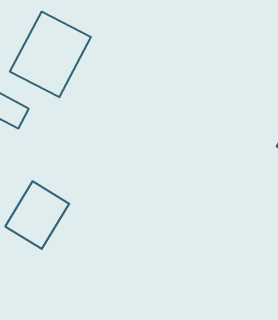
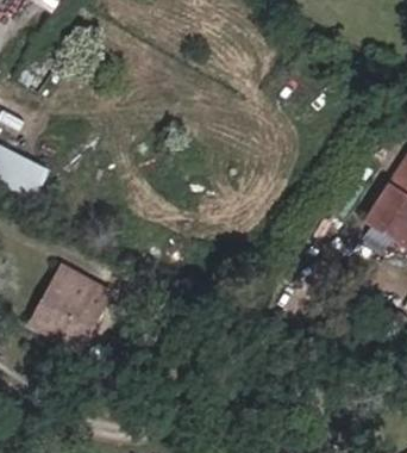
building: [10,12,91,97] -> none

